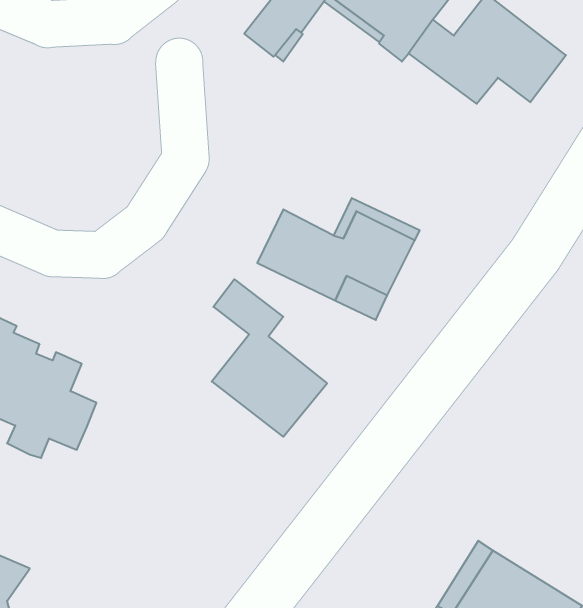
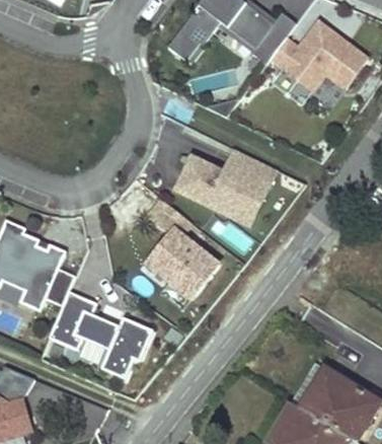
building: none -> [50,291,154,378]

